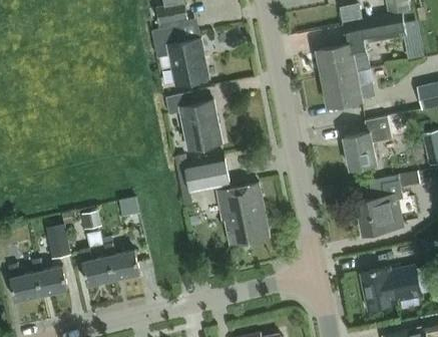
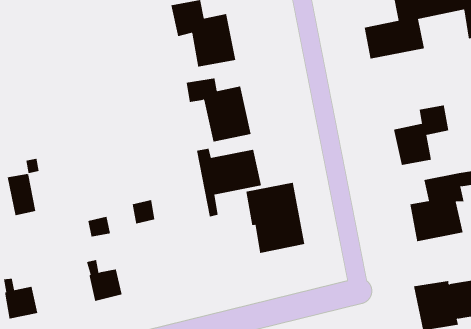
building: [323,69,374,106] -> none
building: [45,212,73,261] -> [7,158,40,216]
building: [104,245,140,280] -> none
building: [32,261,67,296] -> none

